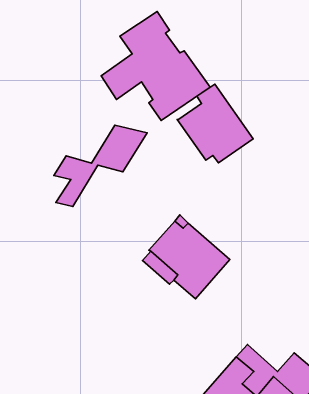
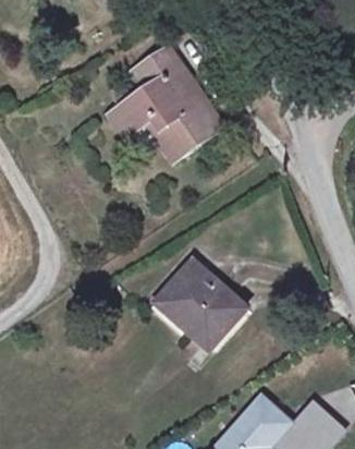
building: [177,84,253,163] -> none
building: [54,125,147,207] -> none

